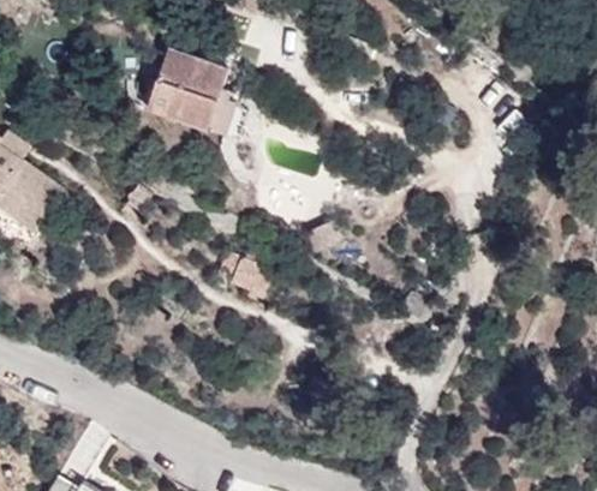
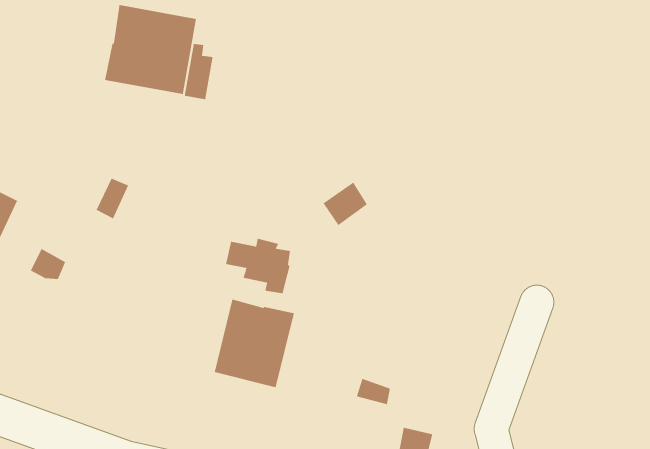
building: none -> [214,298,295,388]

